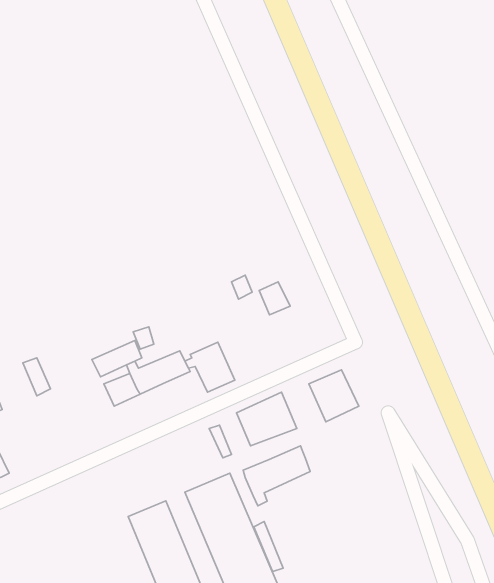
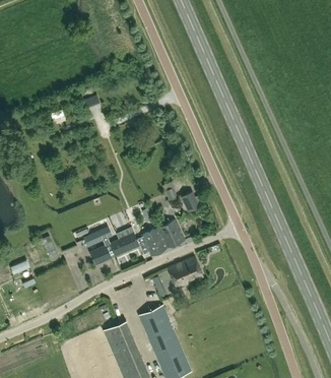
building: [309,370,359,422] -> [156,219,186,250]
building: [243,446,310,506] -> none

